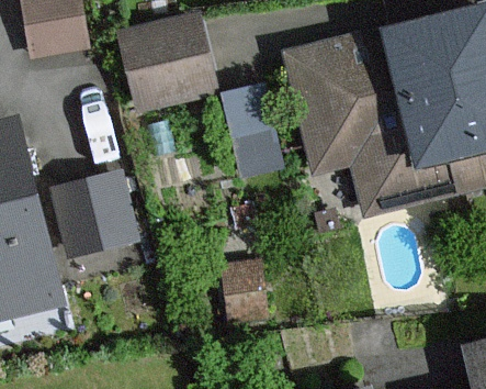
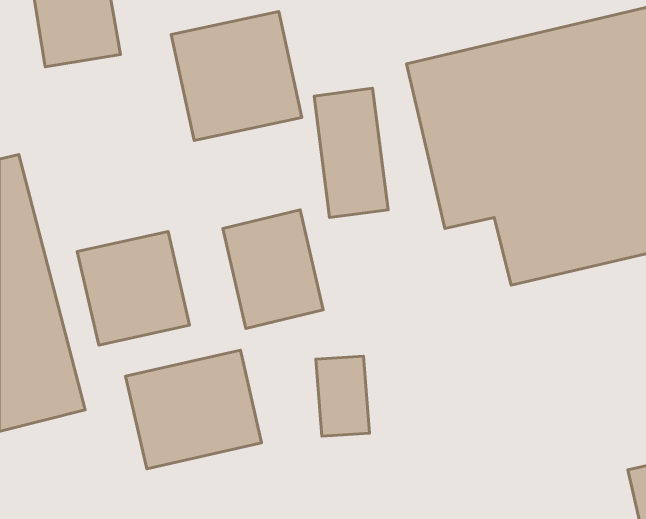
building: none -> [223,210,323,328]
building: none -> [125,350,262,469]

